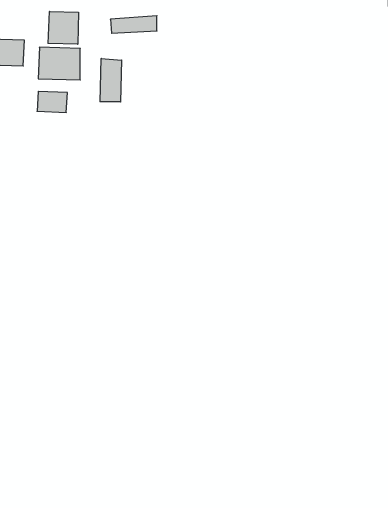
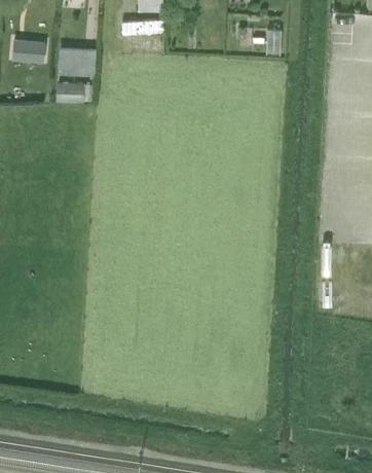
building: [48,11,78,44] -> none
building: [100,58,122,102] -> none

